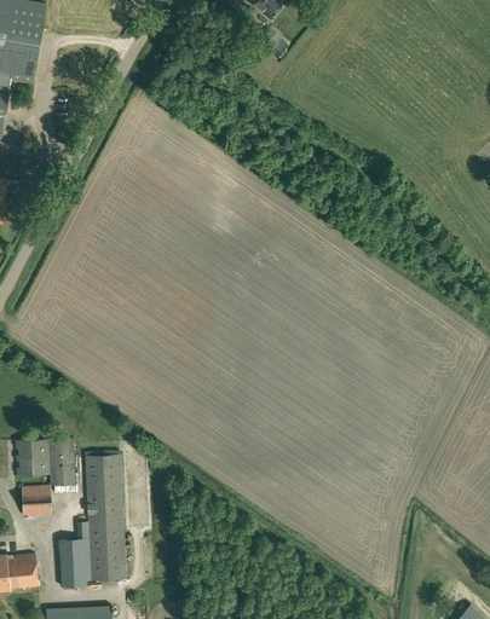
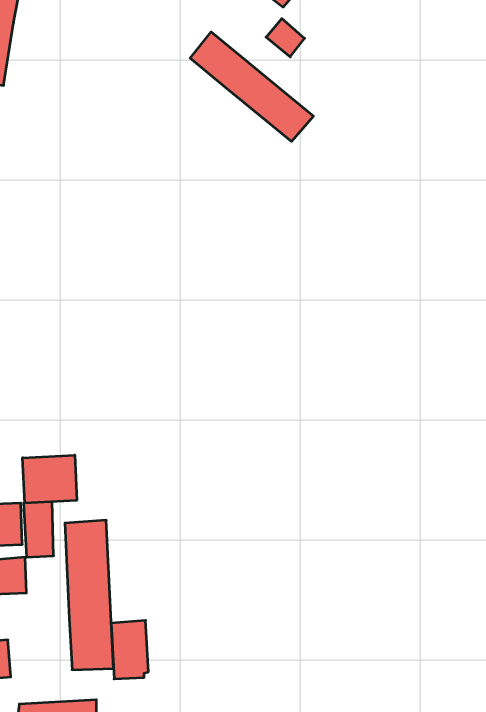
building: none -> [190,32,313,141]
building: none -> [23,455,77,503]
building: [59,536,91,585] -> [111,620,148,679]

